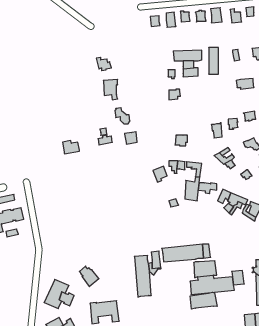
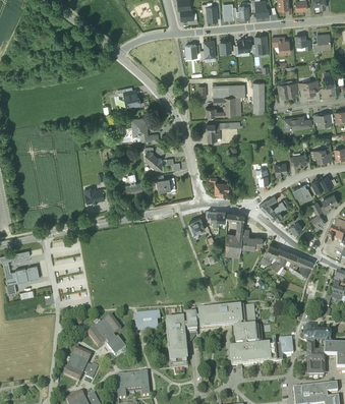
building: none -> [134,312,160,331]
building: none -> [88,315,121,347]
building: [190,292,217,309] -> none

